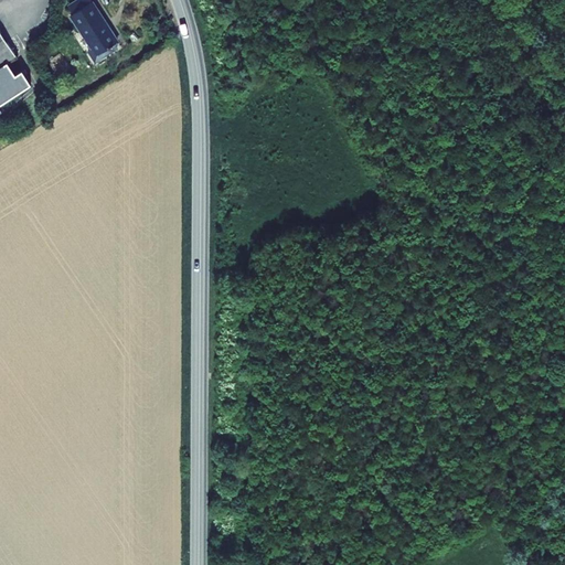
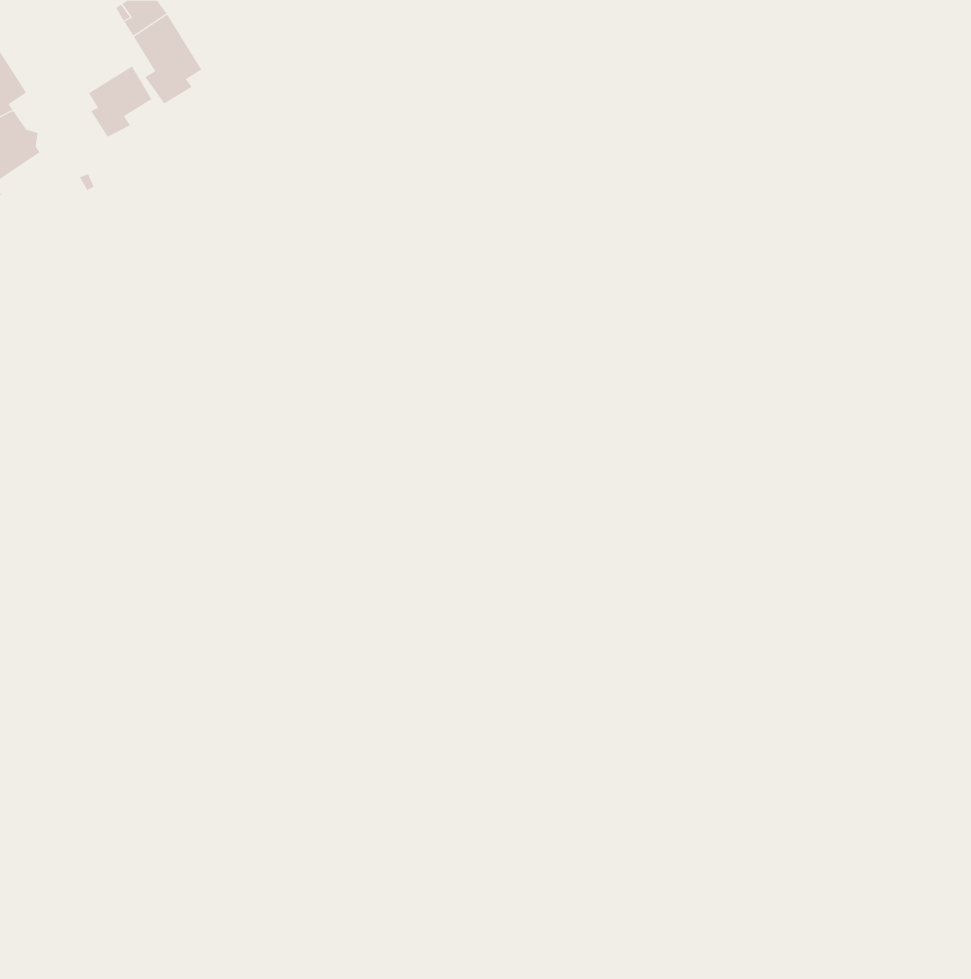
building: none -> [88,66,152,138]

